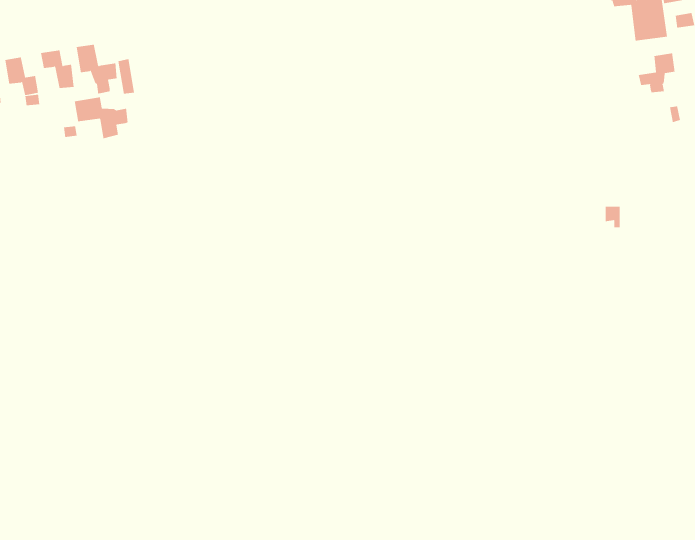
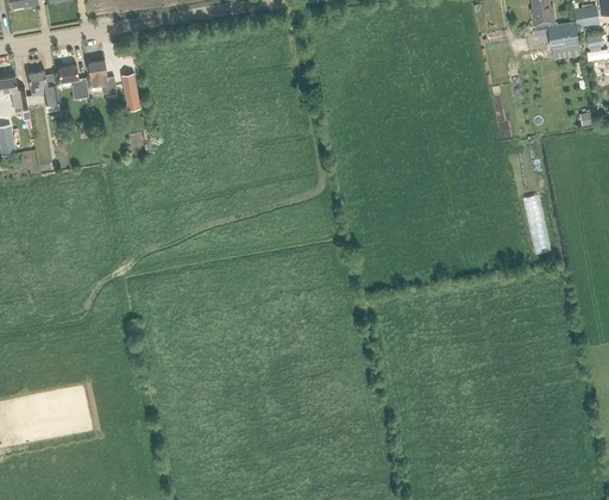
building: [638,53,675,93] -> none
building: [74,96,128,139] -> none

